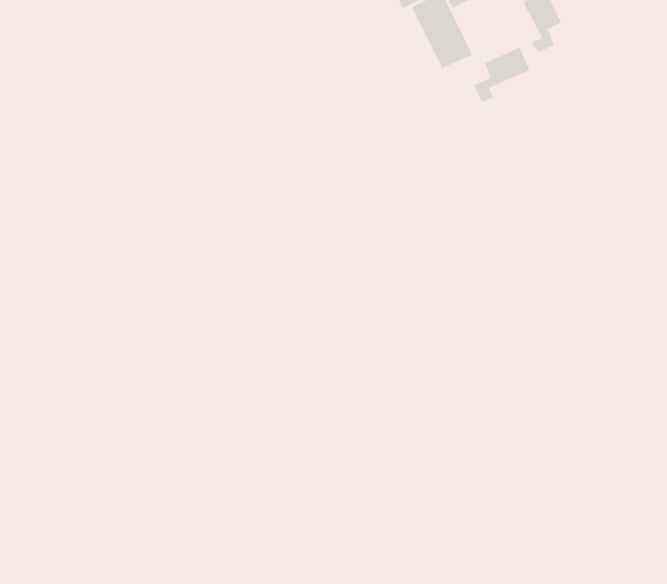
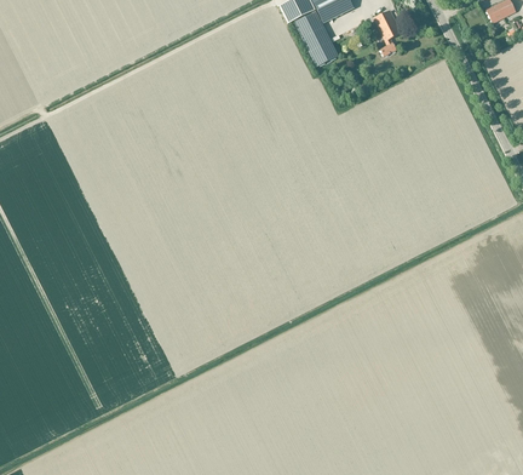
building: [474,46,530,102] -> none

